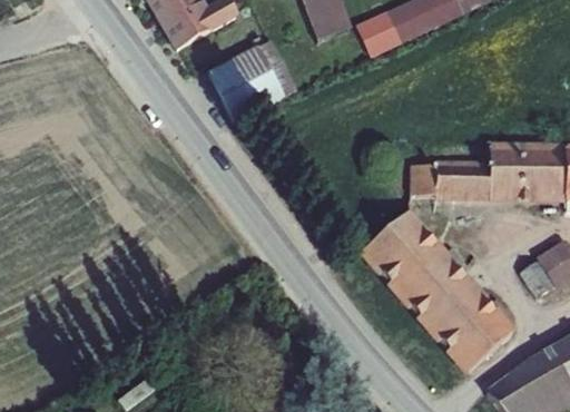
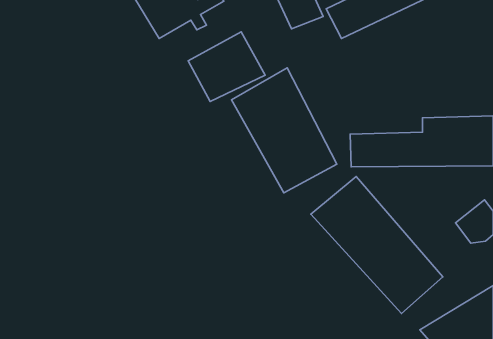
building: none -> [231,68,337,193]

